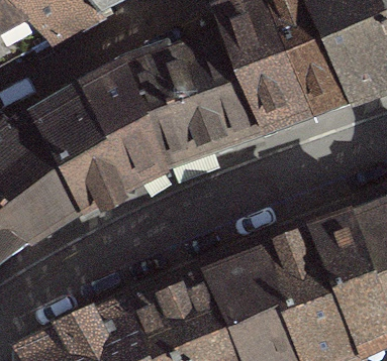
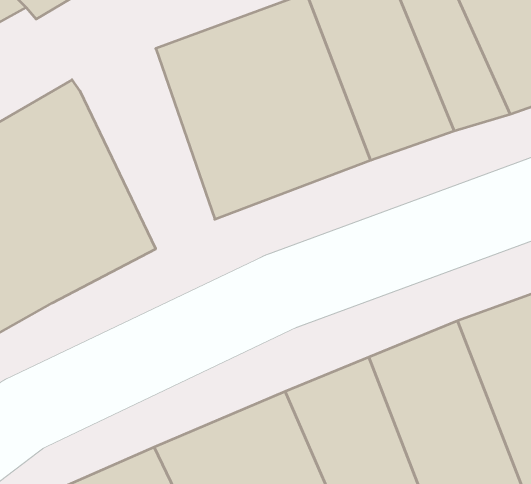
building: [84,65,167,188] -> none

